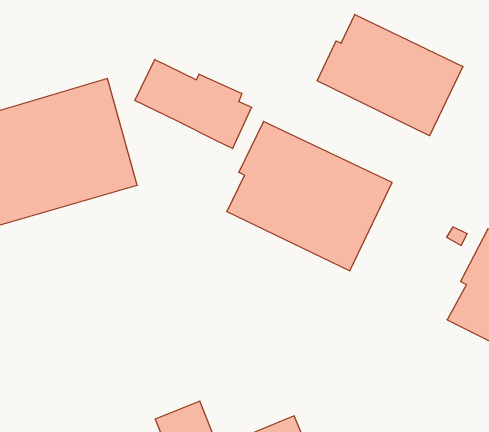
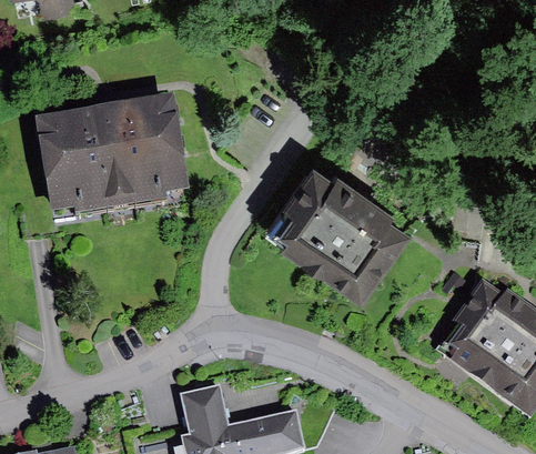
building: [317,14,463,136] -> none
building: [135,59,252,149] -> none

